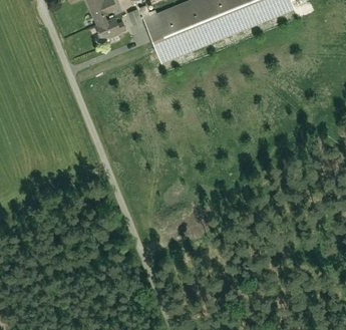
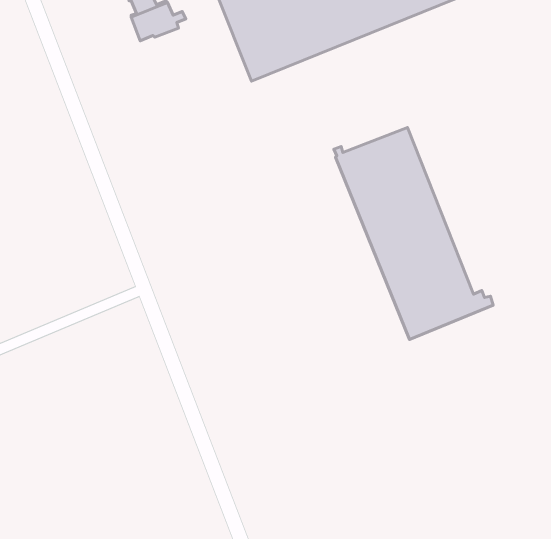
building: none -> [334,127,493,340]

